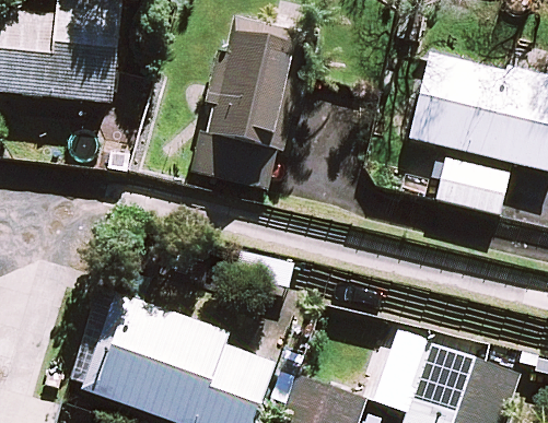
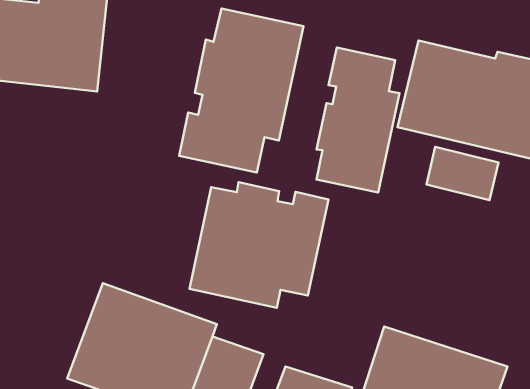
building: none -> [316,48,400,192]
building: none -> [189,182,328,308]

